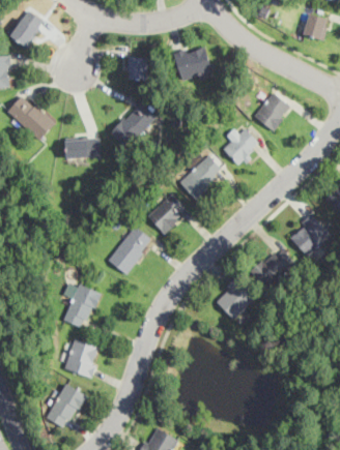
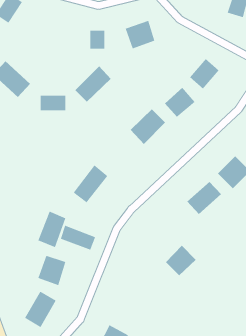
building: [148,193,188,234] -> none
building: [216,279,255,319] -> [165,245,197,276]
building: none -> [60,225,96,250]

